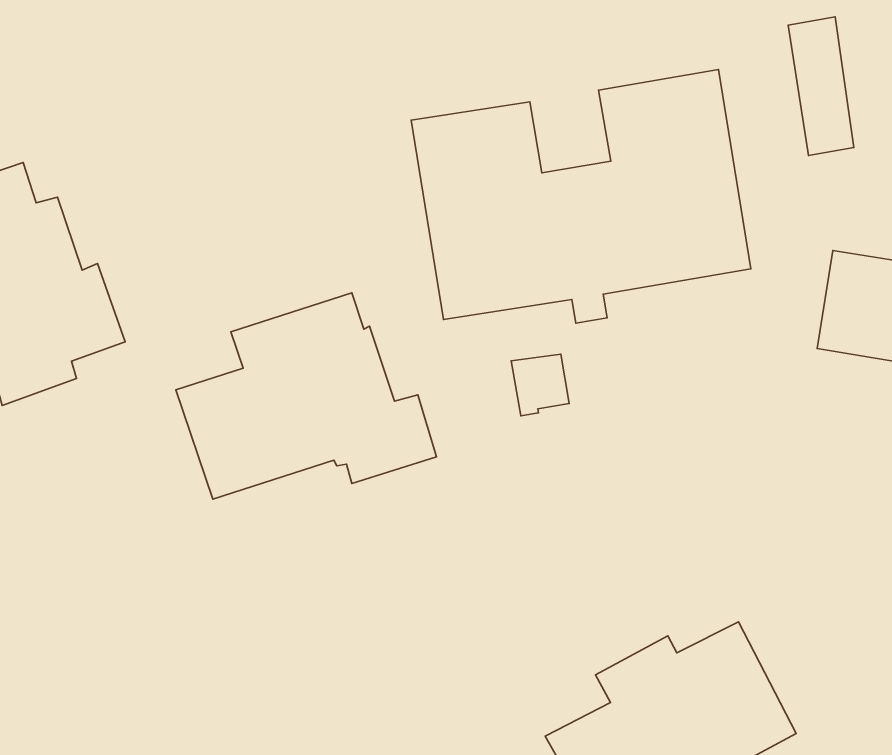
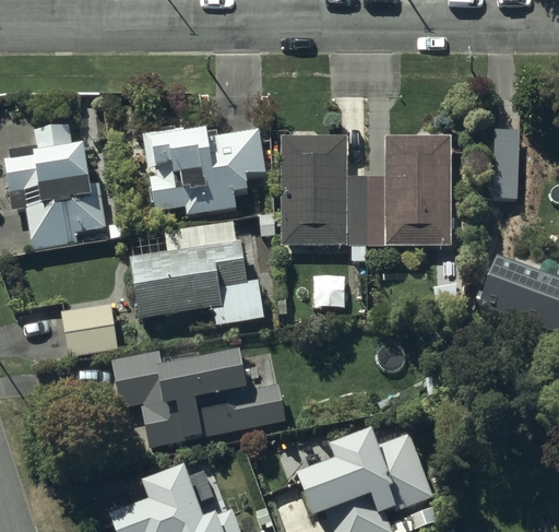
building: none -> [143,115,265,215]
building: none -> [61,303,118,354]
building: none -> [112,351,285,447]

